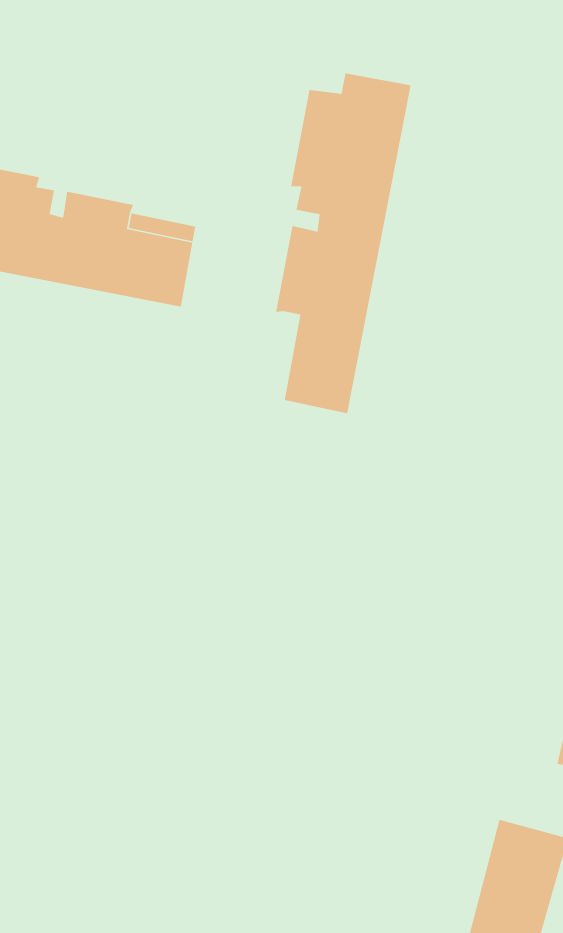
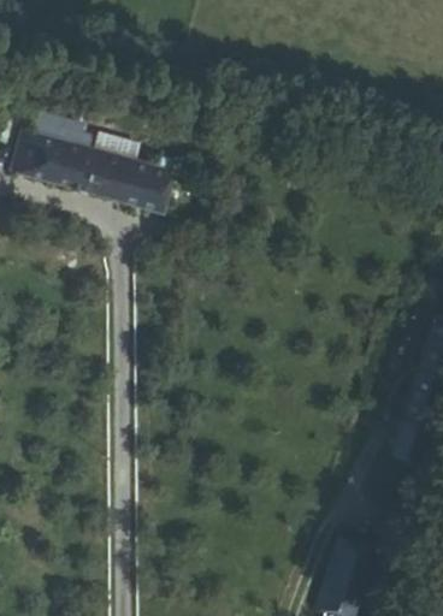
building: [275,73,412,414] -> none

